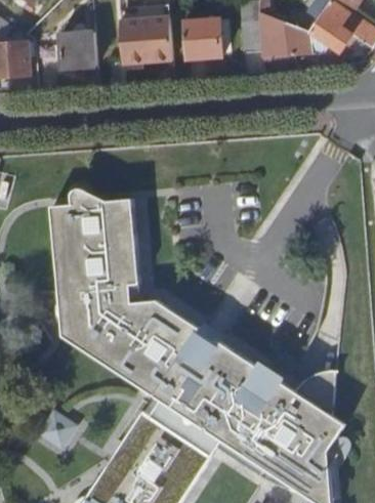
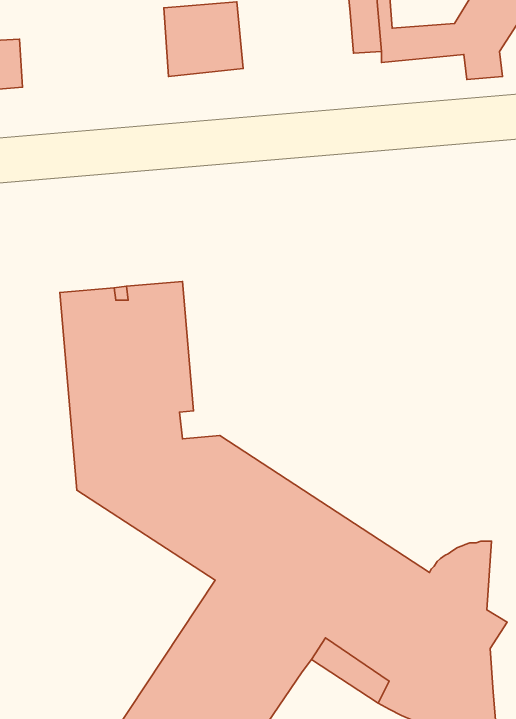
building: [183,20,221,55] -> none
building: [58,30,96,66] -> none
building: [38,412,77,451] -> none

